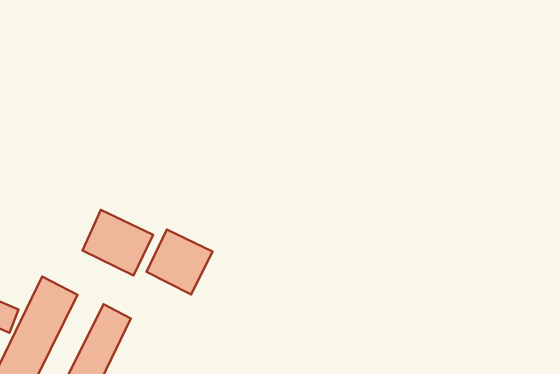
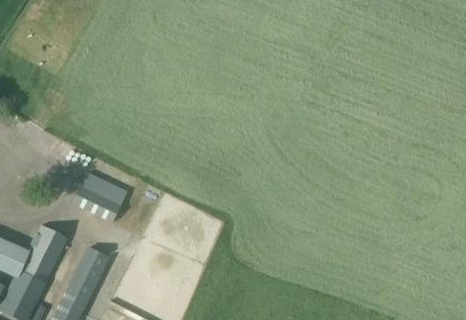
building: [147,229,213,294] -> none

